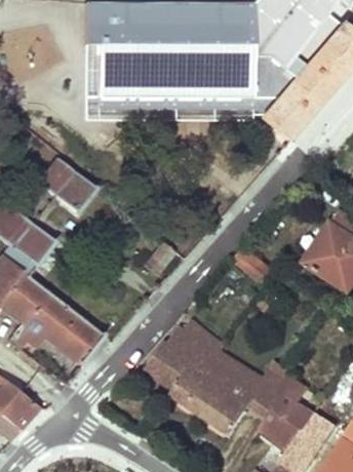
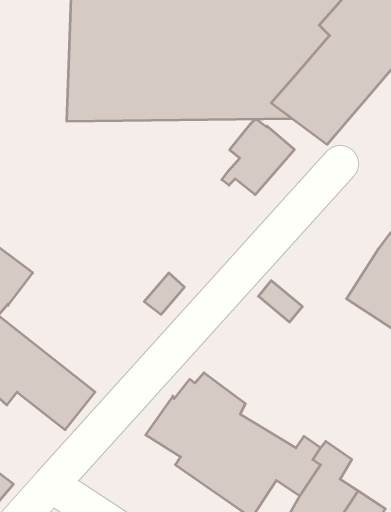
building: none -> [222,119,294,195]
building: [38,156,96,211] -> none

